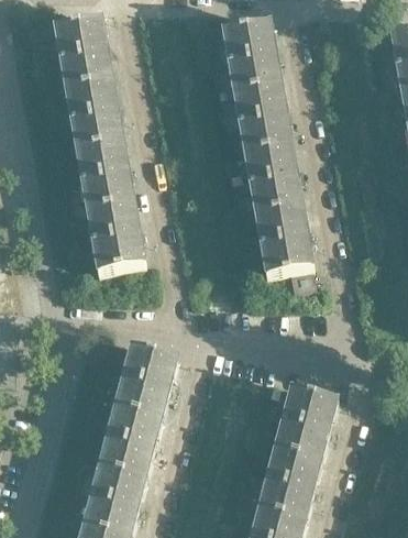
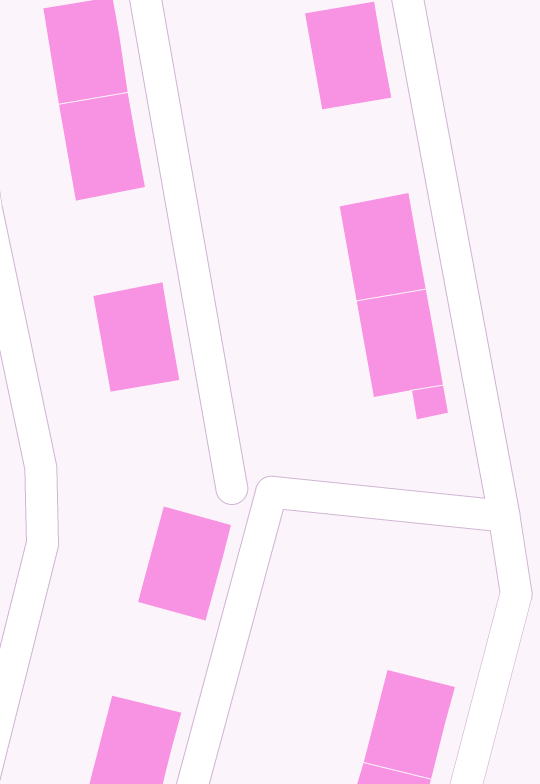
building: [233,79,289,149] -> none
building: [76,136,132,206] -> none
building: [275,383,335,455] -> none
building: [99,402,159,472] -> none

